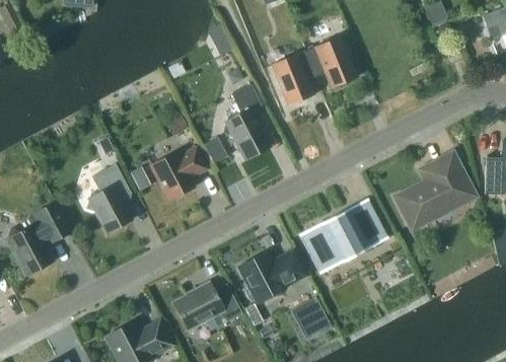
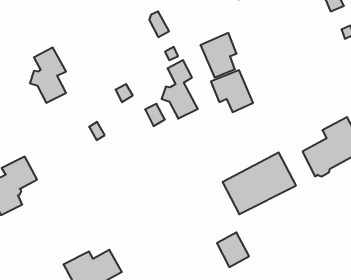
building: [305,37,357,88] -> [211,70,253,112]
building: [151,147,207,200] -> none
building: [86,164,131,232] -> [30,48,66,103]
building: [239,251,304,303] -> none
building: [172,281,241,330] -> none

